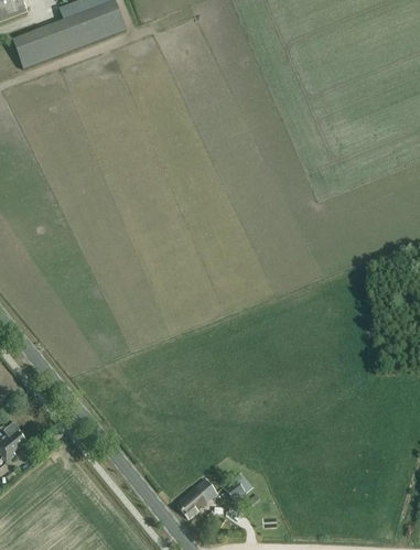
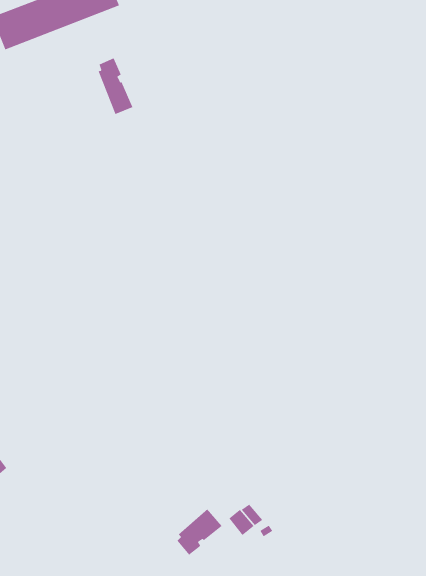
building: none -> [98,58,133,115]

